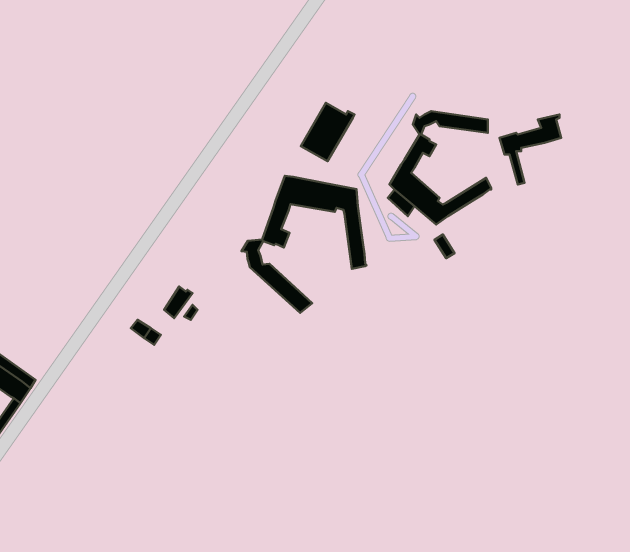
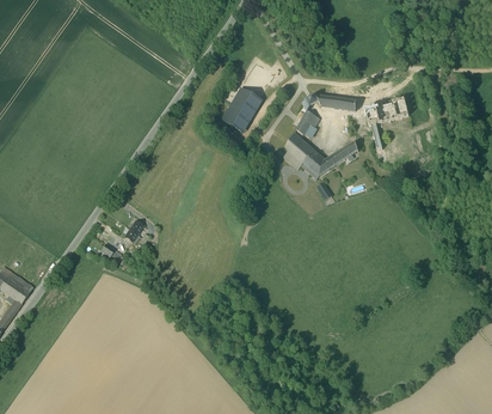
building: [241,176,366,313] -> none

